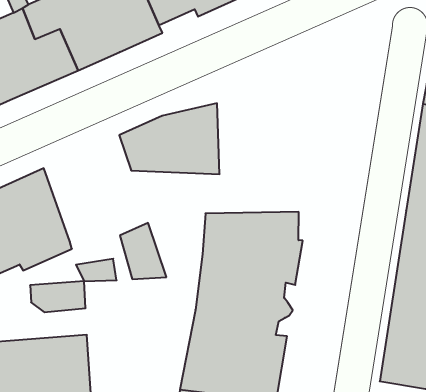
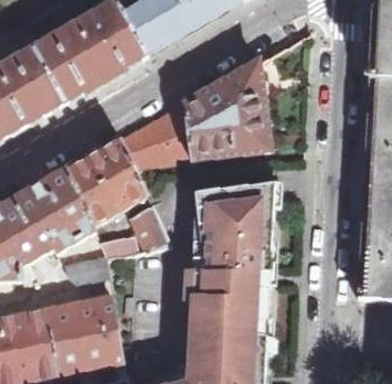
building: none -> [195,62,283,159]
building: none -> [65,137,146,224]

